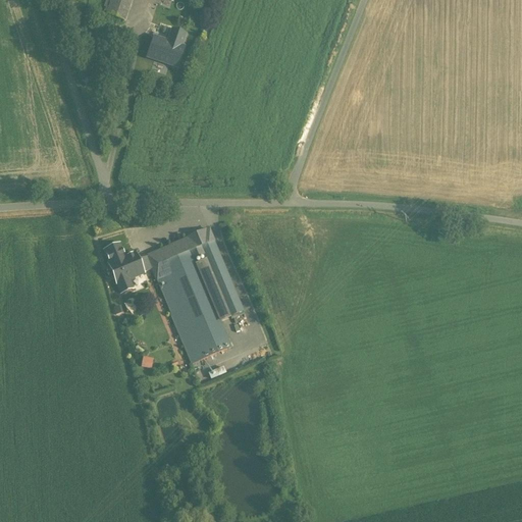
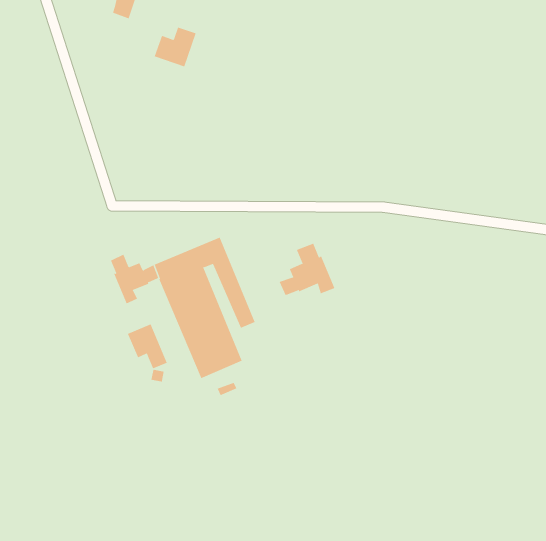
building: none -> [279,243,335,296]
building: none -> [127,324,168,369]

